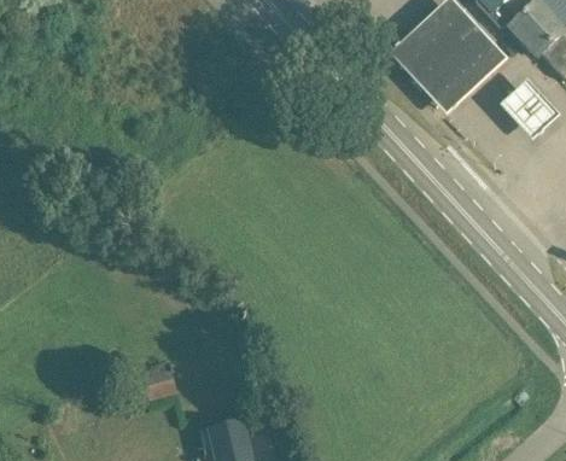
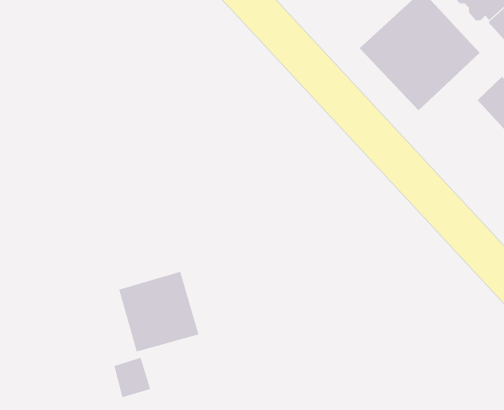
building: none -> [118,271,200,353]

